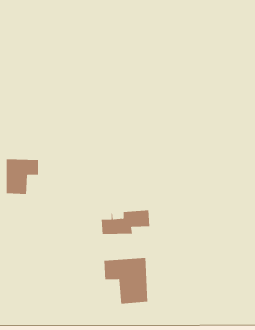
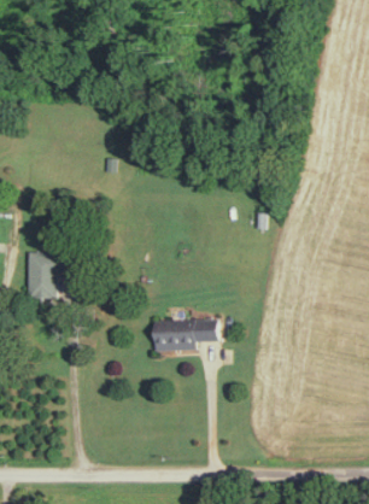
building: [104,257,148,305] -> none

